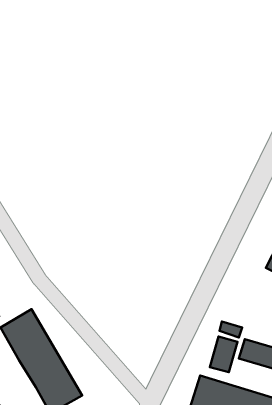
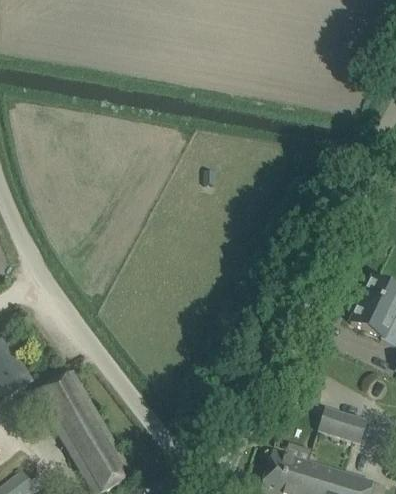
building: [210,337,238,372] -> none

